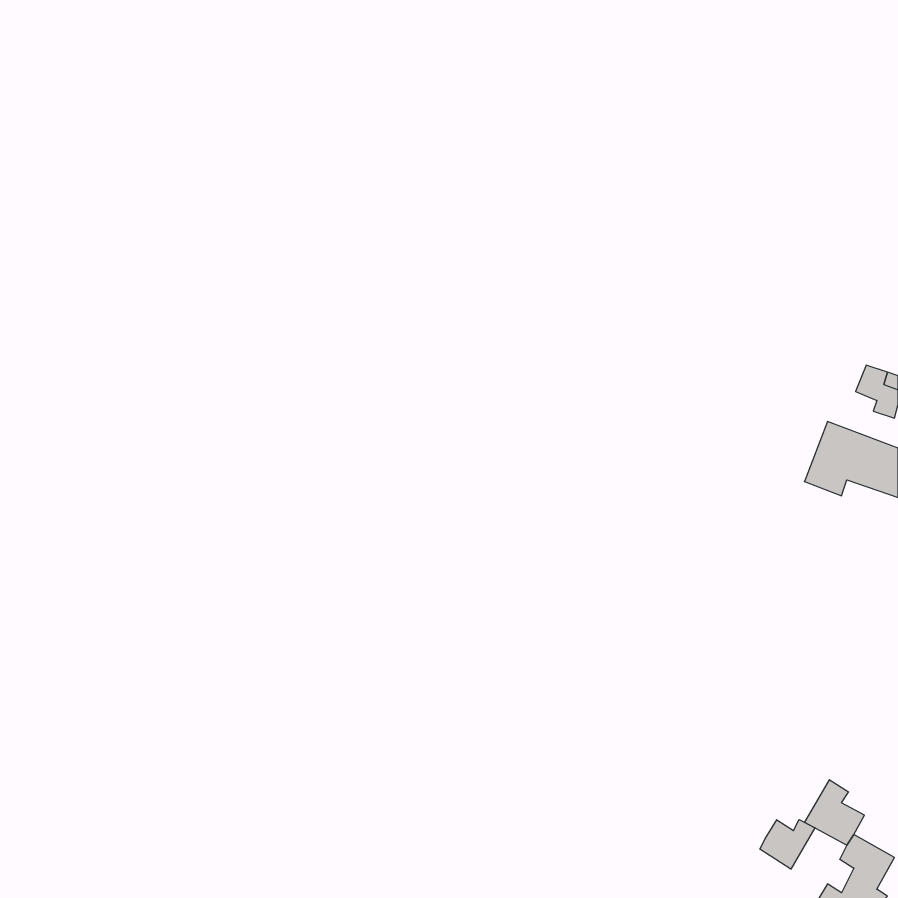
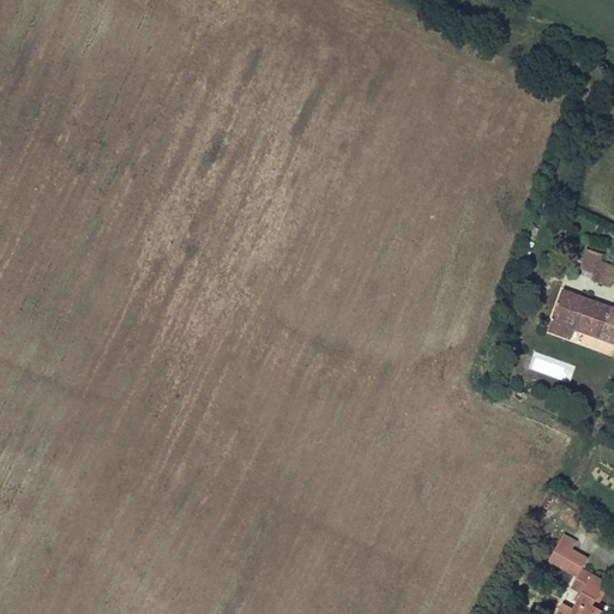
building: none -> [526,355,573,385]
building: [760,820,815,869] -> none

